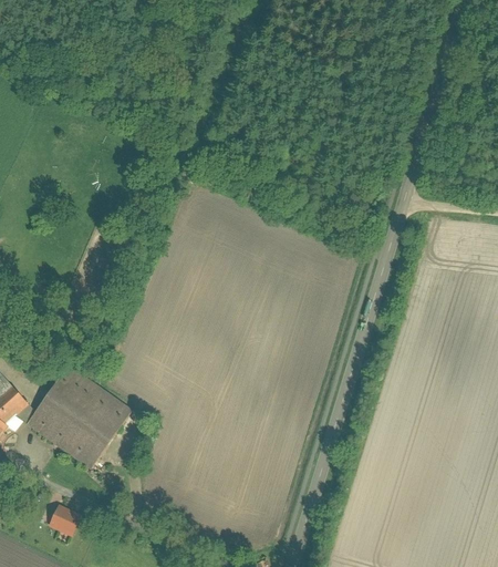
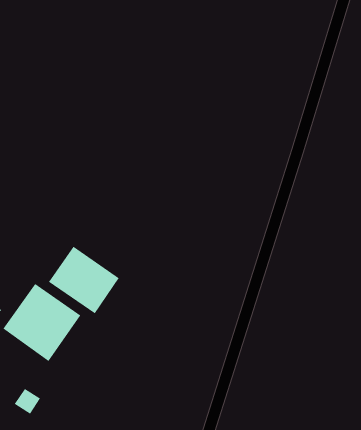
building: none -> [48,246,120,314]

